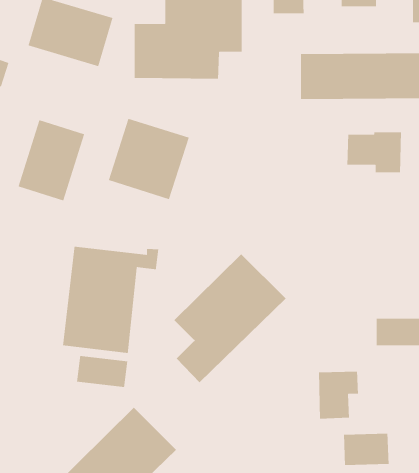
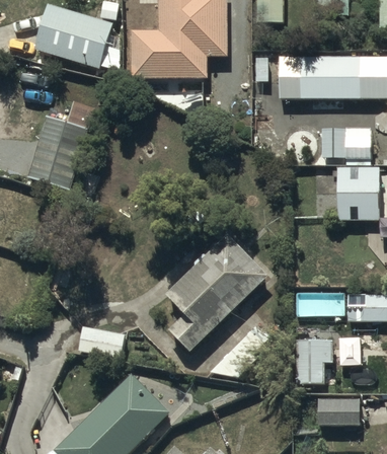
building: [108,118,190,200] -> none
building: none -> [336,166,378,218]
building: [62,246,159,354] -> none

